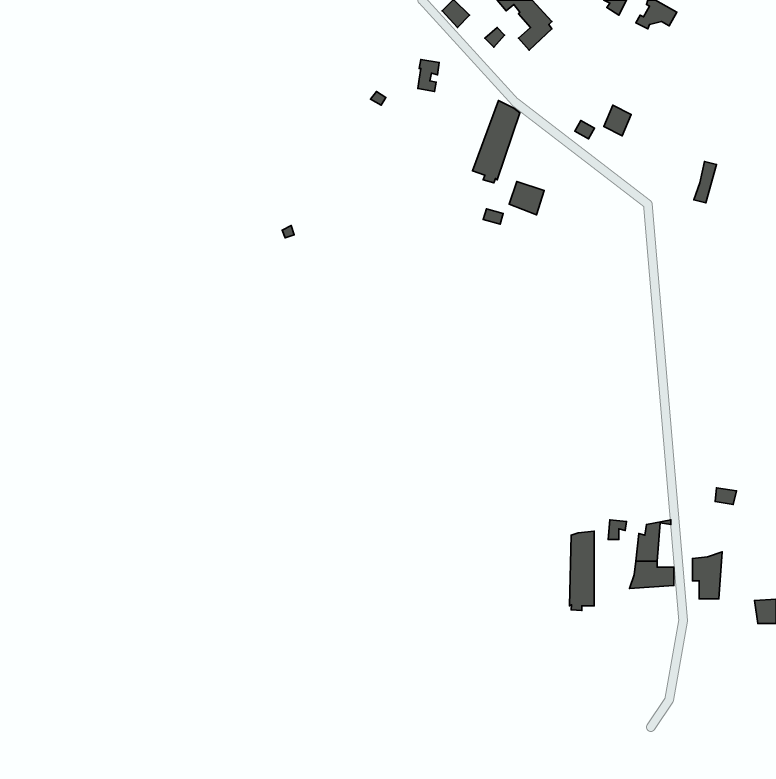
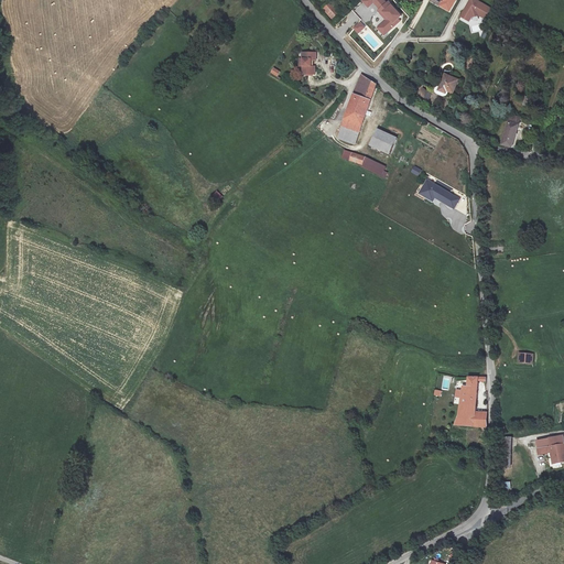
building: none -> [416,178,459,209]
building: [569,531,594,611] -> none
building: [693,552,722,599] -> none

